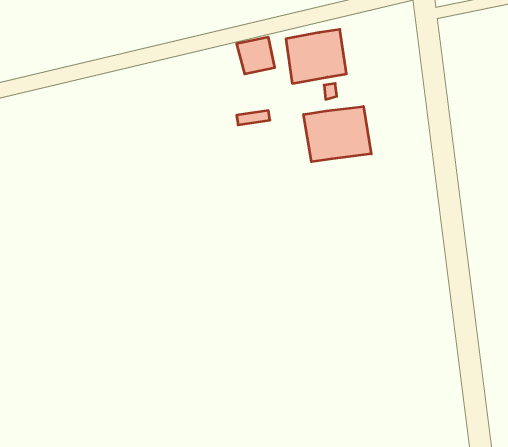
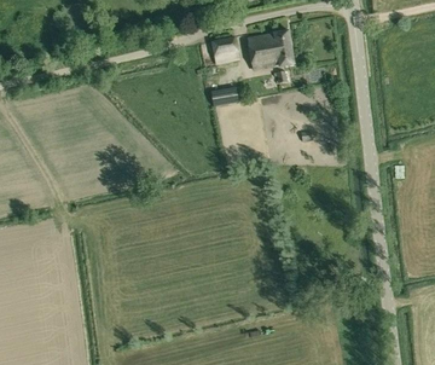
building: [304,106,371,162] -> none

